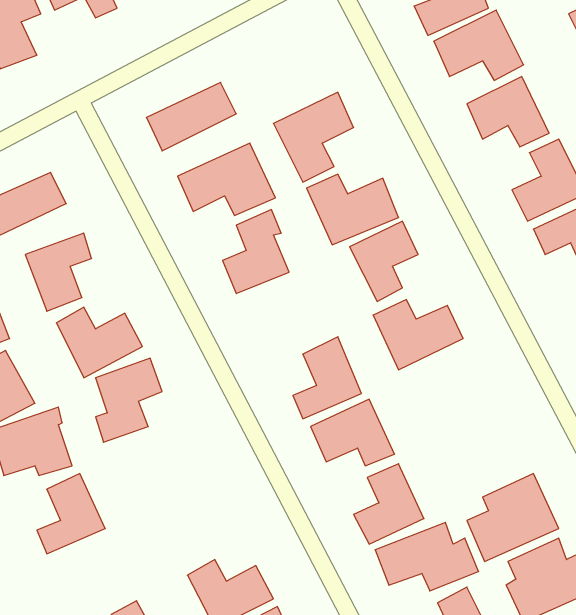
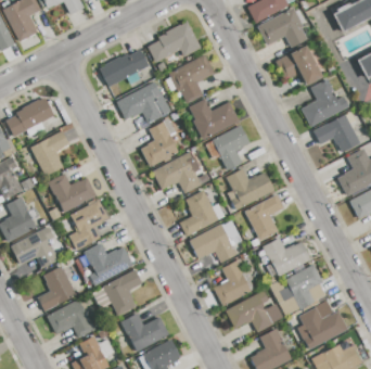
building: none -> [145,23,201,62]
building: none -> [153,153,202,192]
building: none -> [245,194,284,240]
building: none -> [263,238,310,277]
building: none -> [84,243,132,282]
building: none -> [103,270,141,315]
building: none -> [47,300,94,339]

